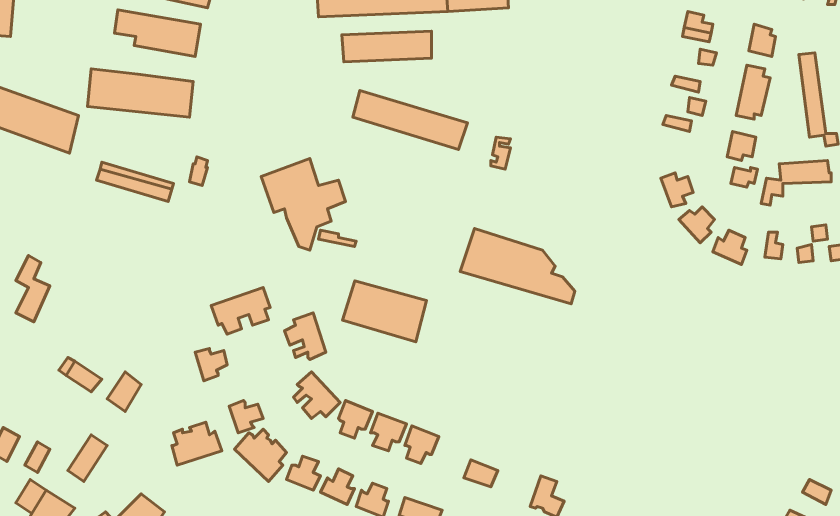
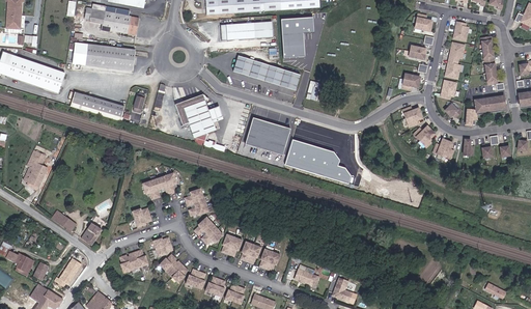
building: none -> [283,16,316,56]
building: [342,281,427,342] -> [245,117,294,152]

